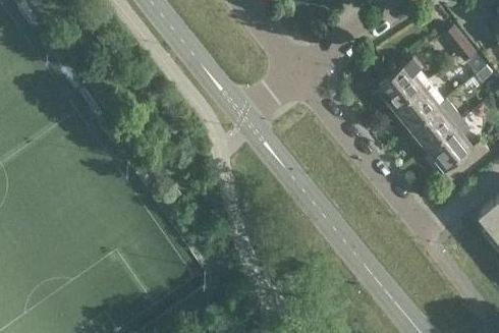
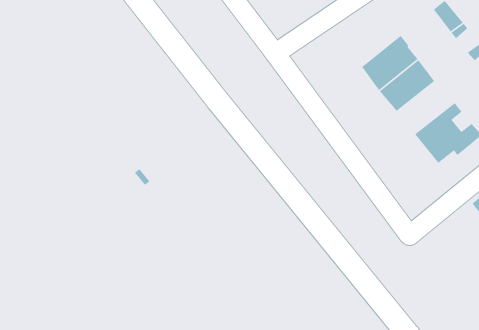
building: [409,101,463,151] -> none

